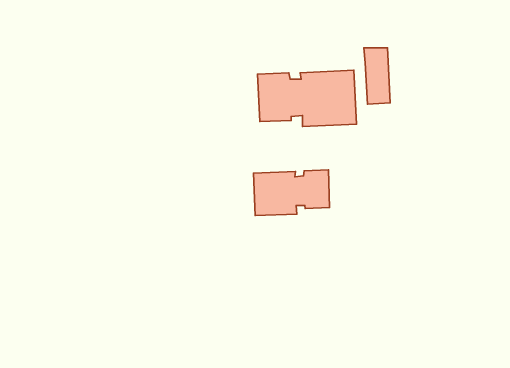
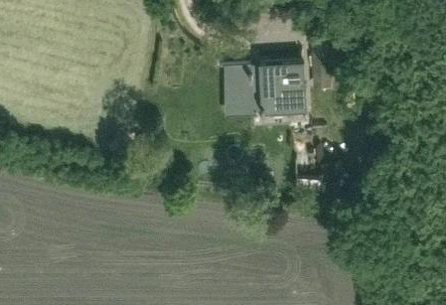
building: [254,170,329,216] -> none

